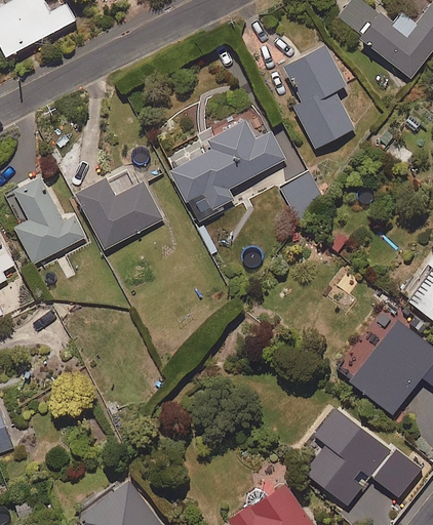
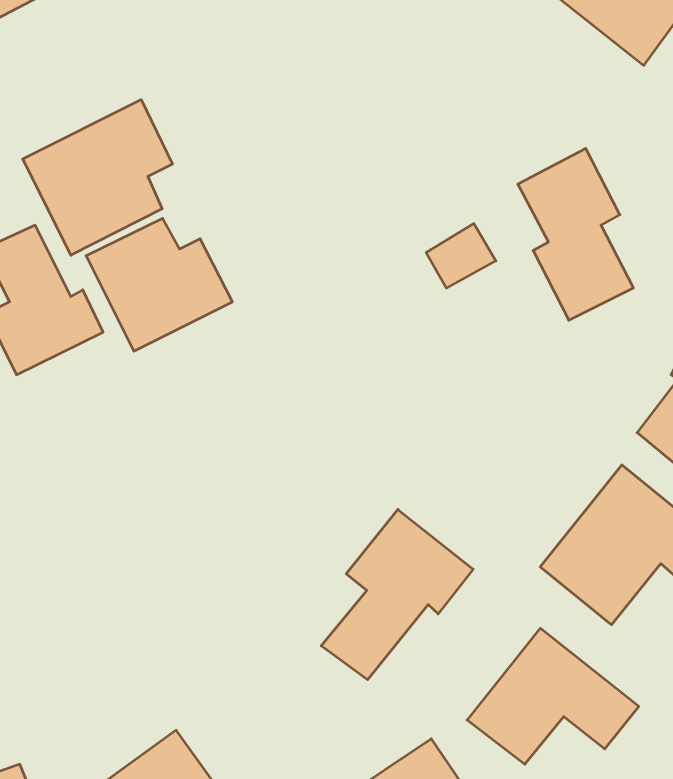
building: [284,45,354,149] -> [518,148,633,320]
building: none -> [23,100,172,255]
building: [168,120,285,224] -> none
building: none -> [321,509,473,680]

